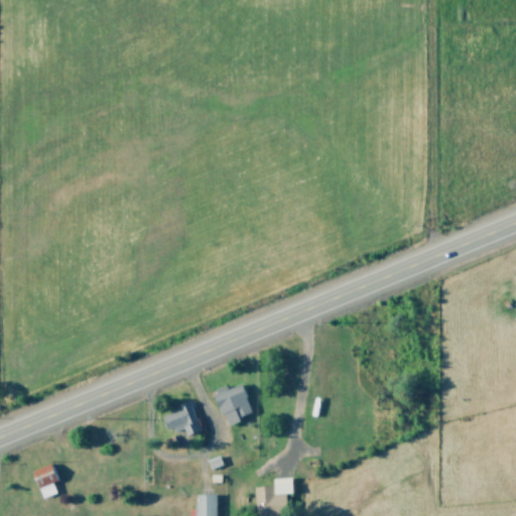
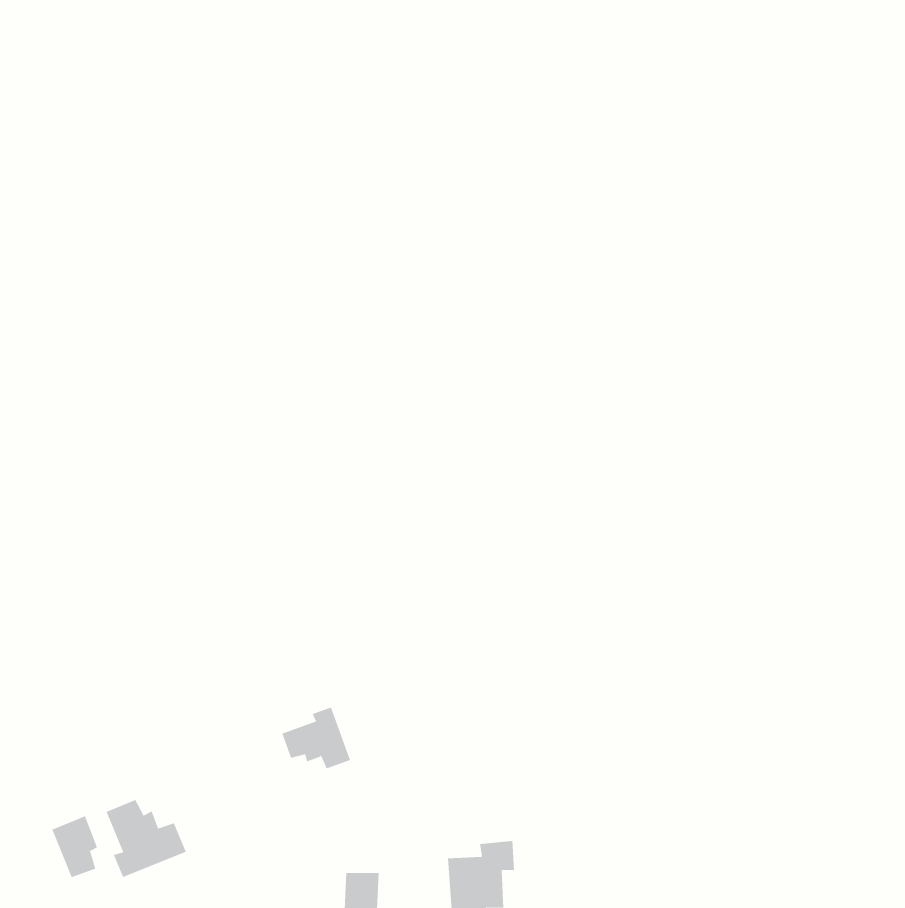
building: [214,383,252,426] -> none
building: none -> [106,799,187,878]

